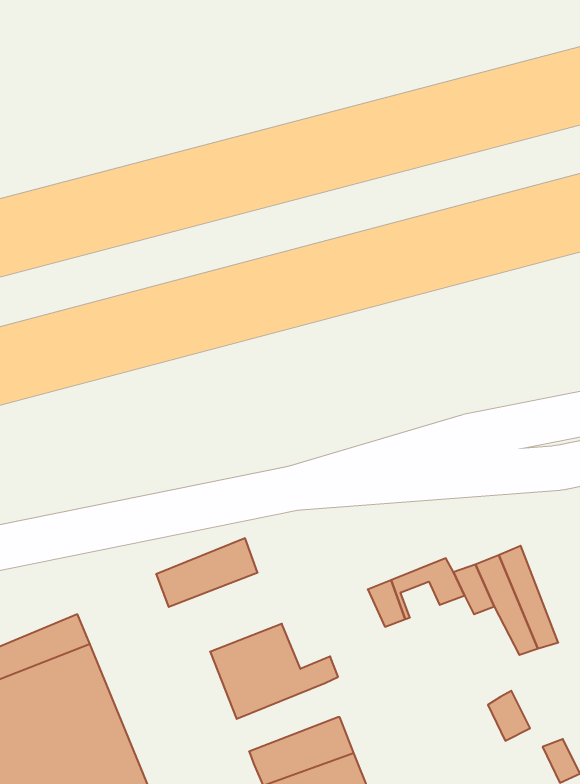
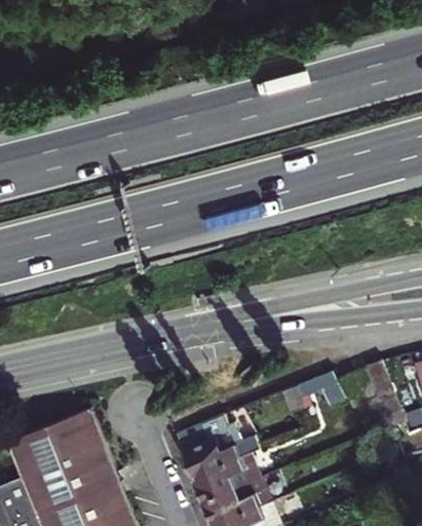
building: [156,538,258,607] -> [193,454,260,499]

